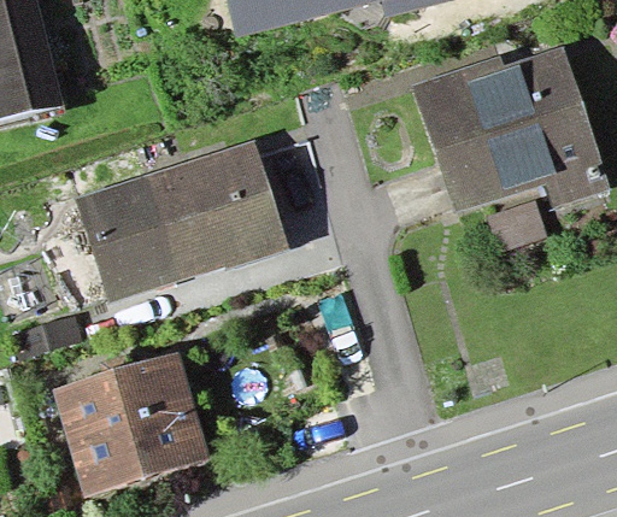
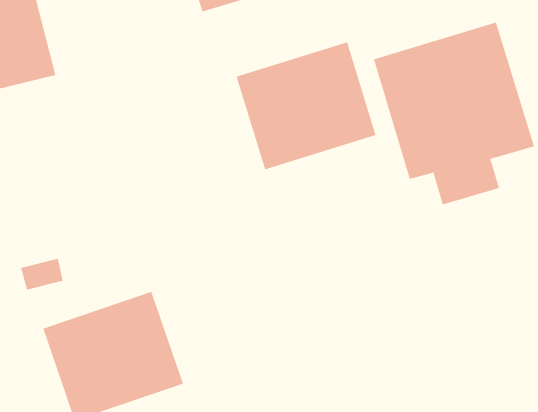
building: none -> [236,41,376,170]
building: [80,142,282,299] -> none

